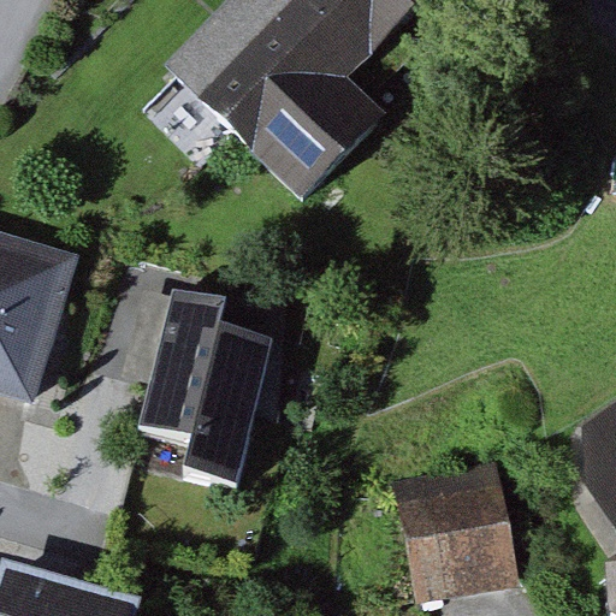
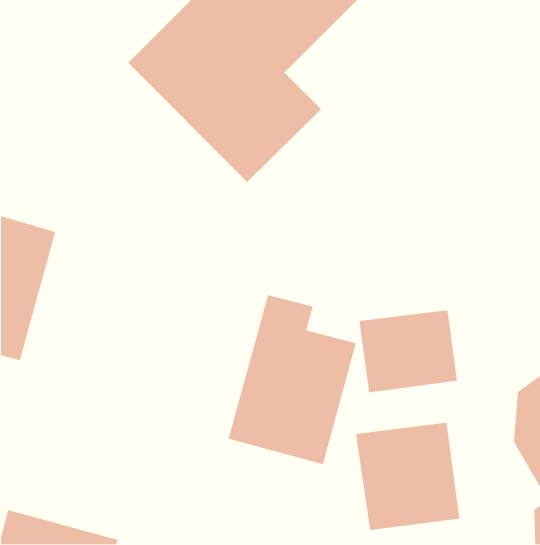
building: [128,290,272,480] -> [227,294,357,465]
building: none -> [359,310,458,393]

